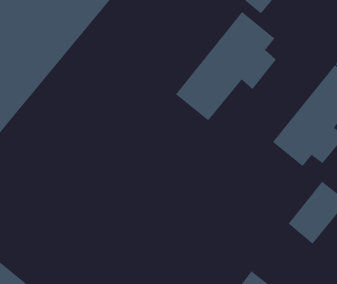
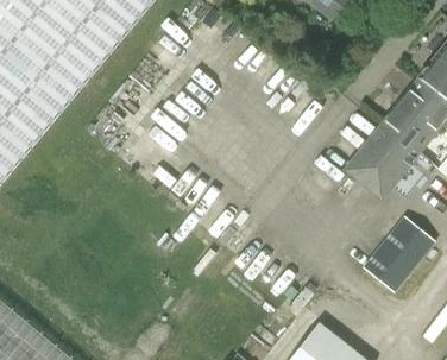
building: [175,11,277,121] -> none

